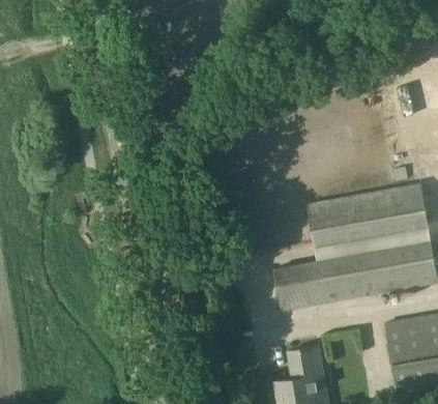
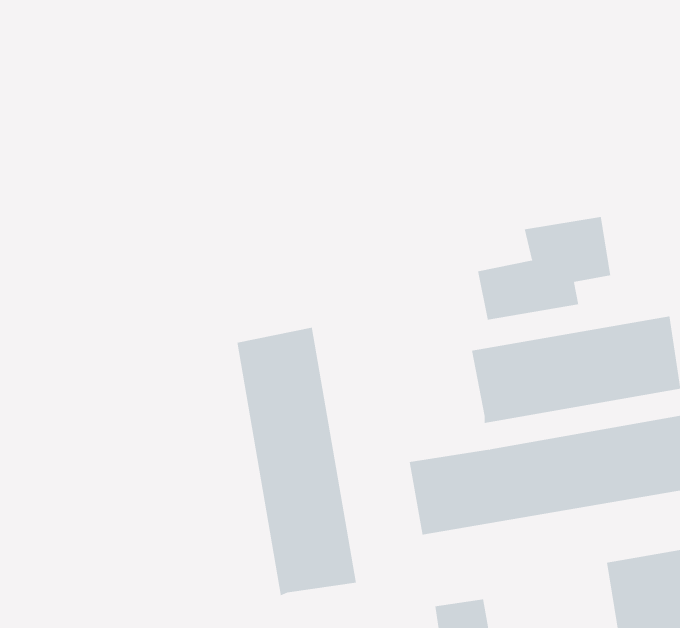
building: none -> [477,216,611,320]
building: none -> [237,327,356,596]

